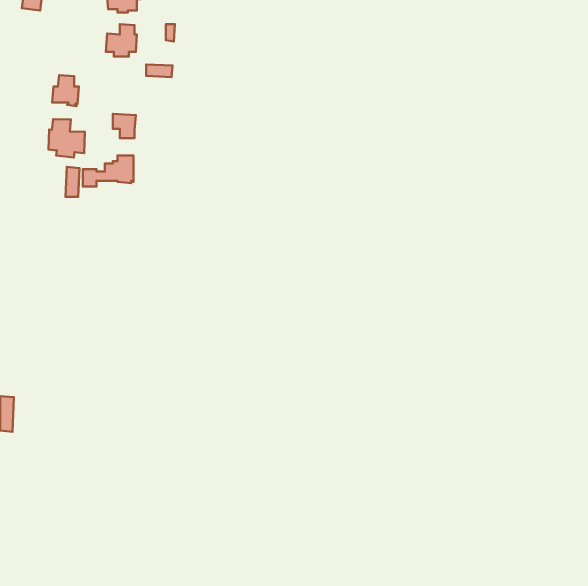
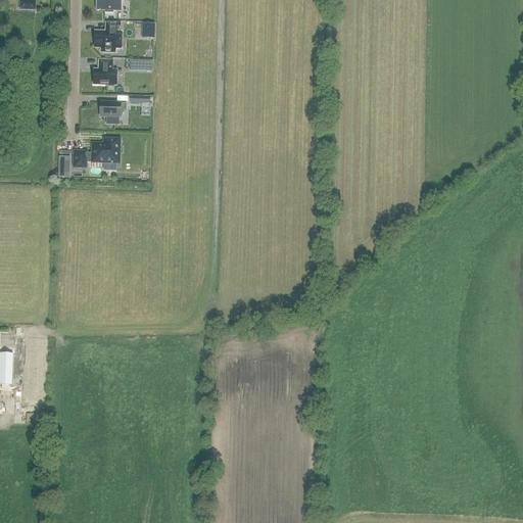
building: [52,75,79,106] -> [93,58,116,86]
building: [49,119,85,157] -> none

